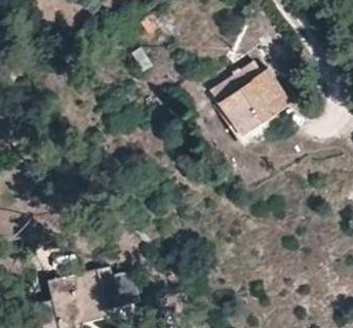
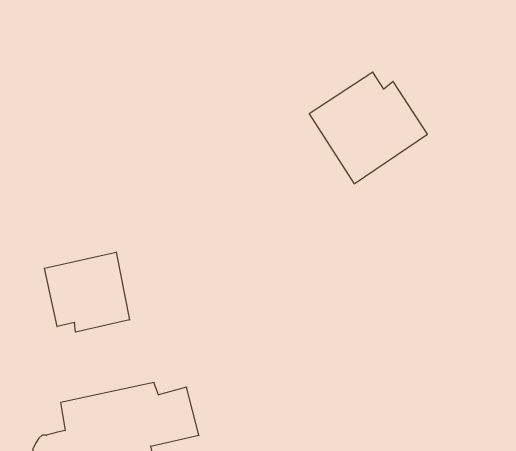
building: none -> [44,252,130,332]

